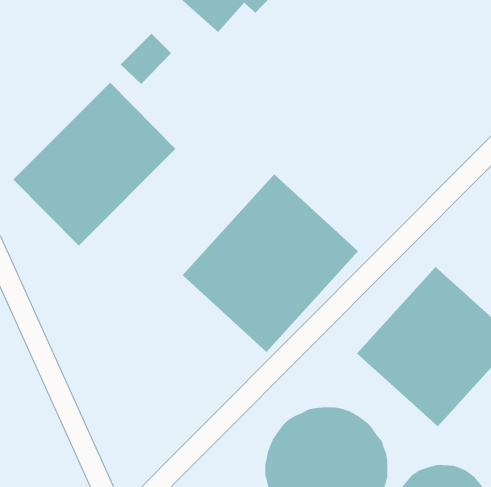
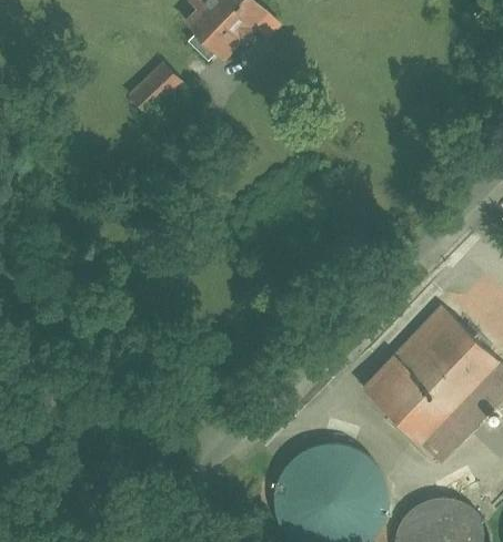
building: [13,82,176,246] -> none
building: [182,174,359,353] -> none

